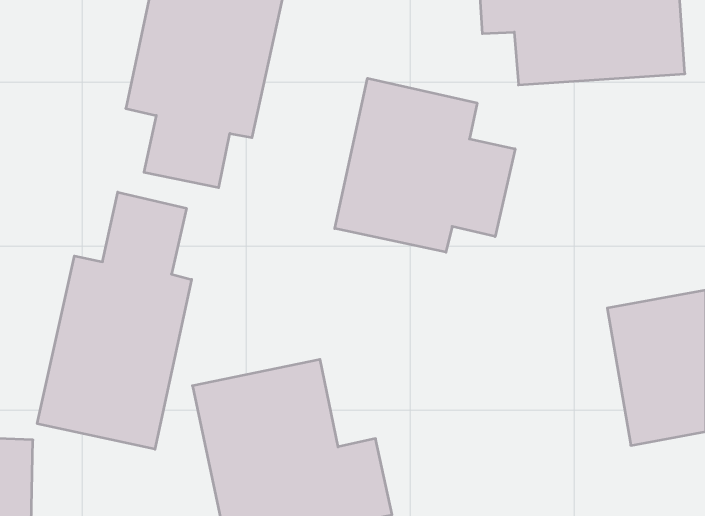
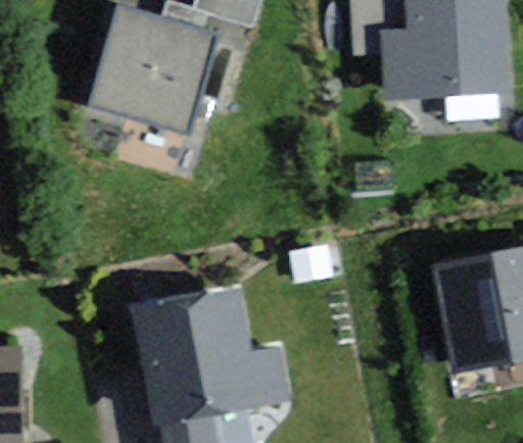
building: [335,78,515,252] -> none
building: [37,192,192,449] -> none

